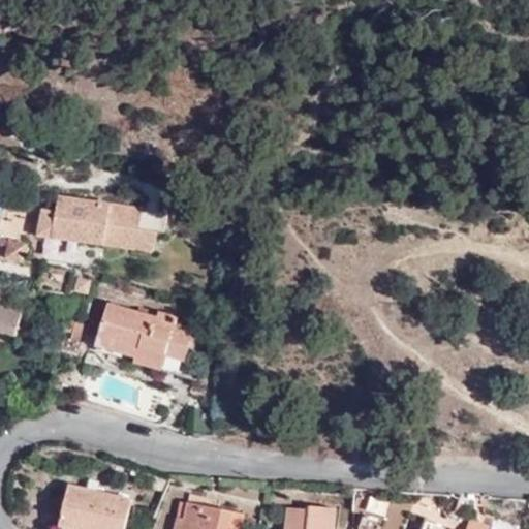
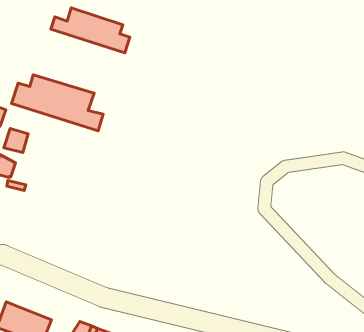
building: none -> [51,8,130,53]
building: [95,303,192,369] -> none

